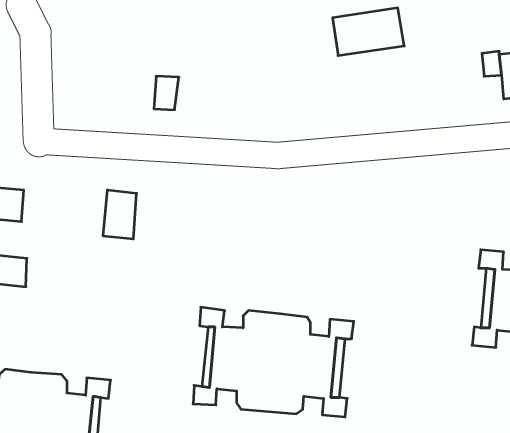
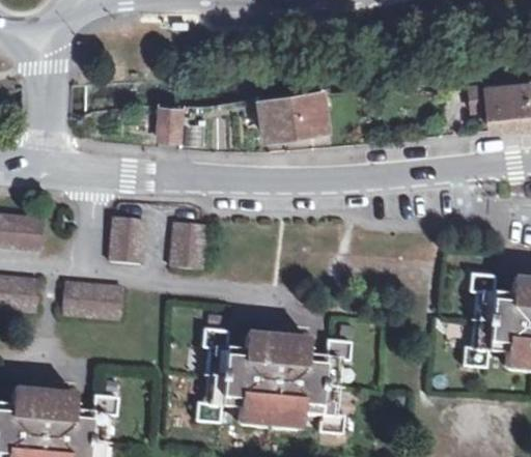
building: [333,8,404,56] -> [262,89,331,135]
building: none -> [171,222,204,268]
building: none -> [62,283,123,317]

